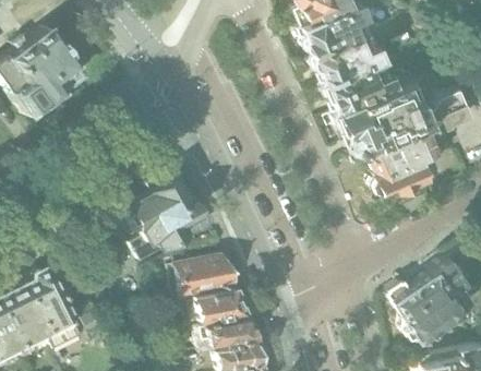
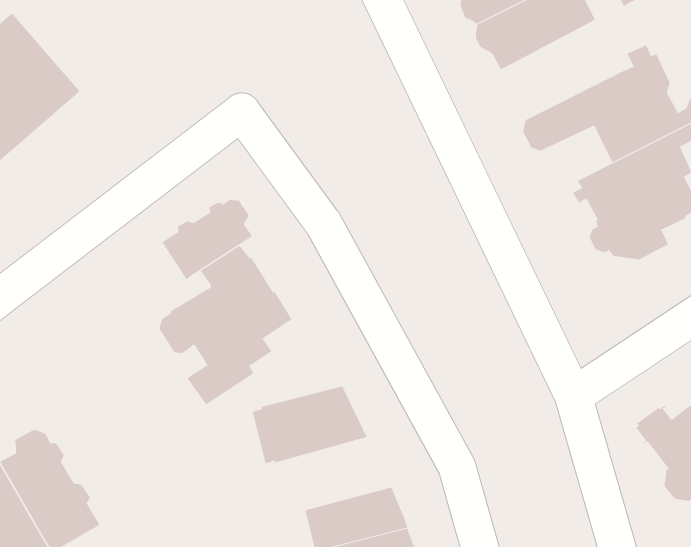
building: [326,56,398,110] -> none
building: [348,117,388,152] -> none
building: none -> [161,199,253,280]
building: [183,289,249,326] -> none

